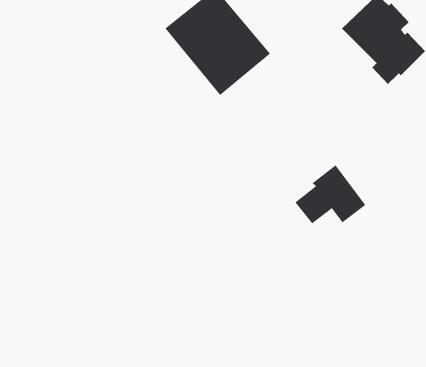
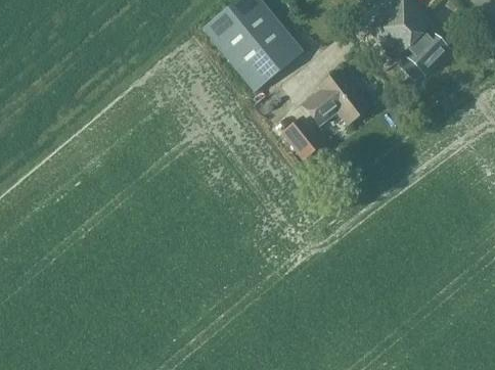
building: none -> [283,119,322,158]
building: [294,165,366,224] -> [304,68,371,125]

